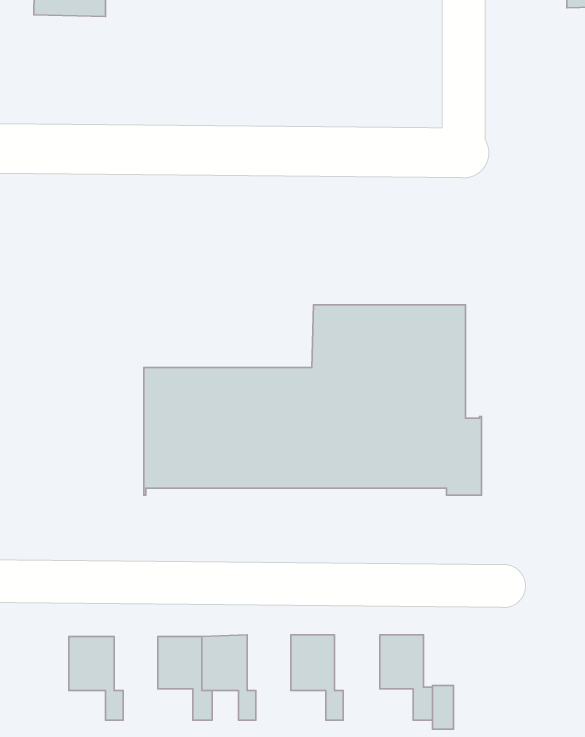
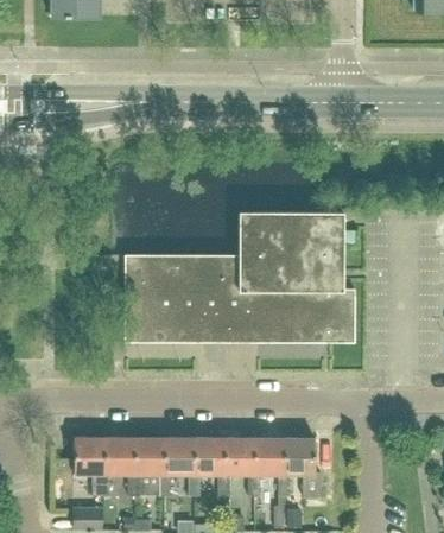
building: none -> [195,438,230,496]
building: none -> [254,438,290,496]
building: none -> [104,439,140,496]

